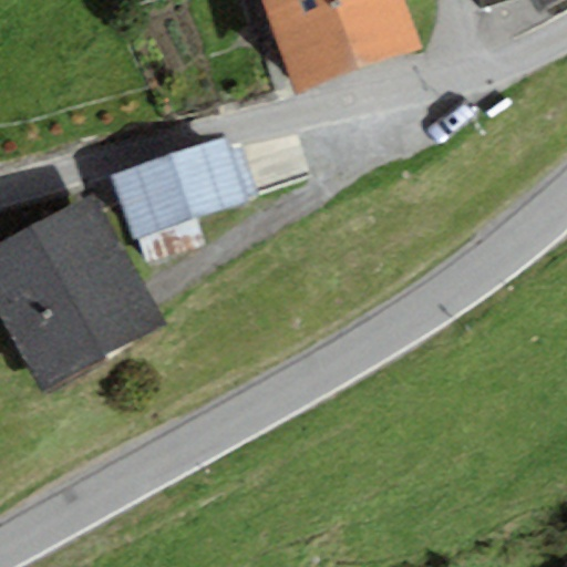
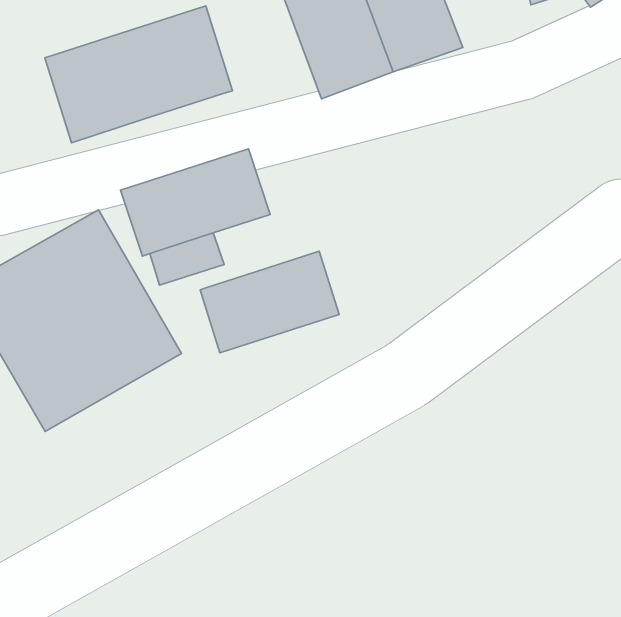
building: none -> [45,6,232,143]
building: none -> [200,251,339,353]

